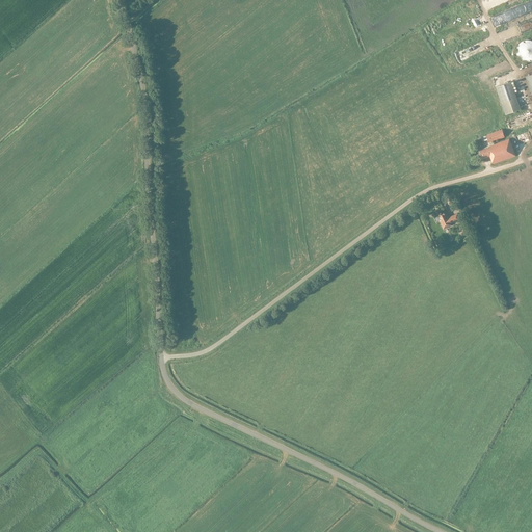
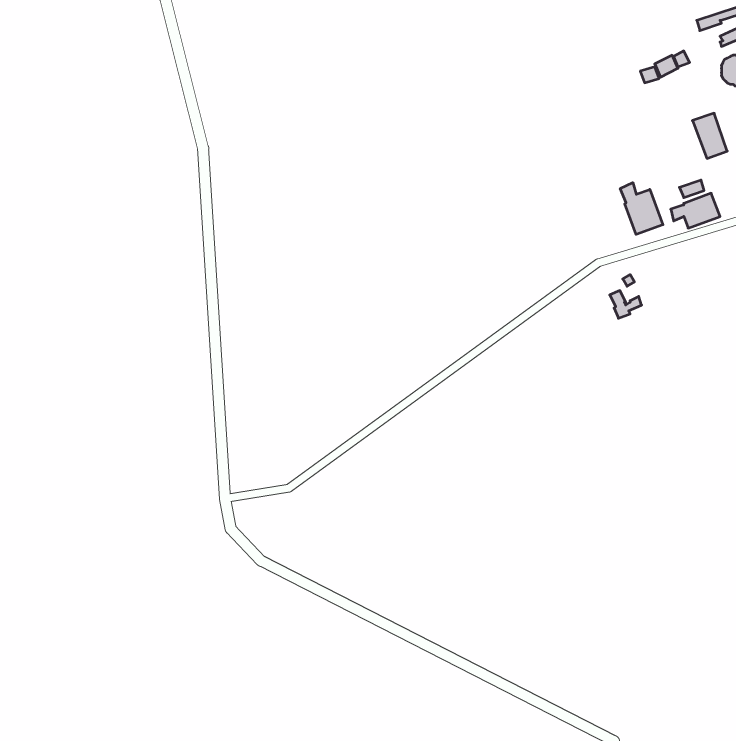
building: none -> [620,183,663,234]

